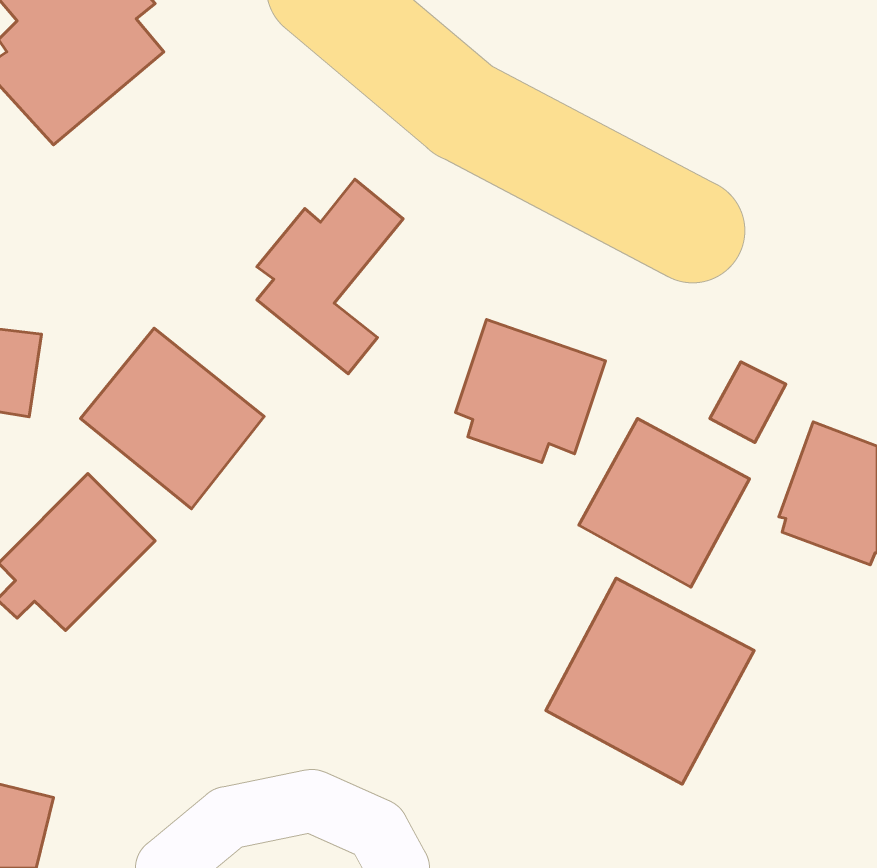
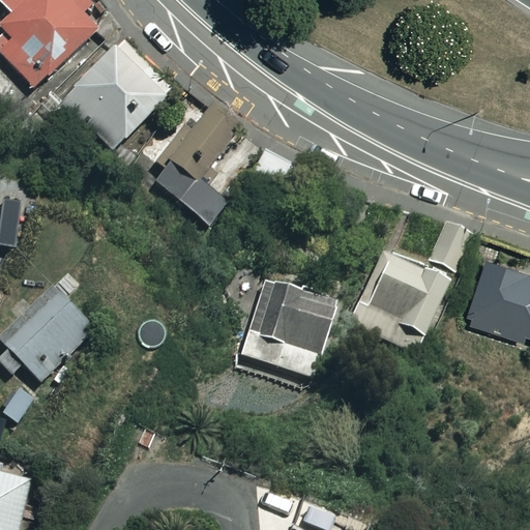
building: none -> [57,39,171,149]
building: [456,320,606,463] -> [246,279,336,365]
building: [80,328,264,509] -> none
building: [546,578,754,784] -> none

